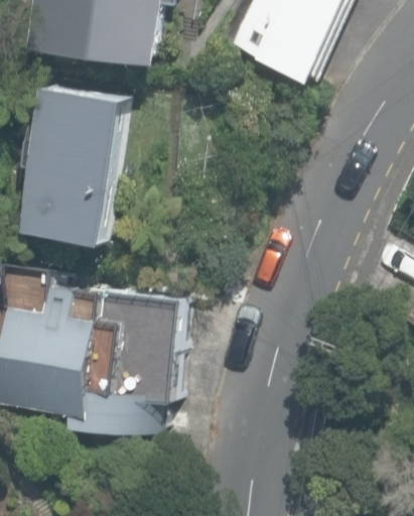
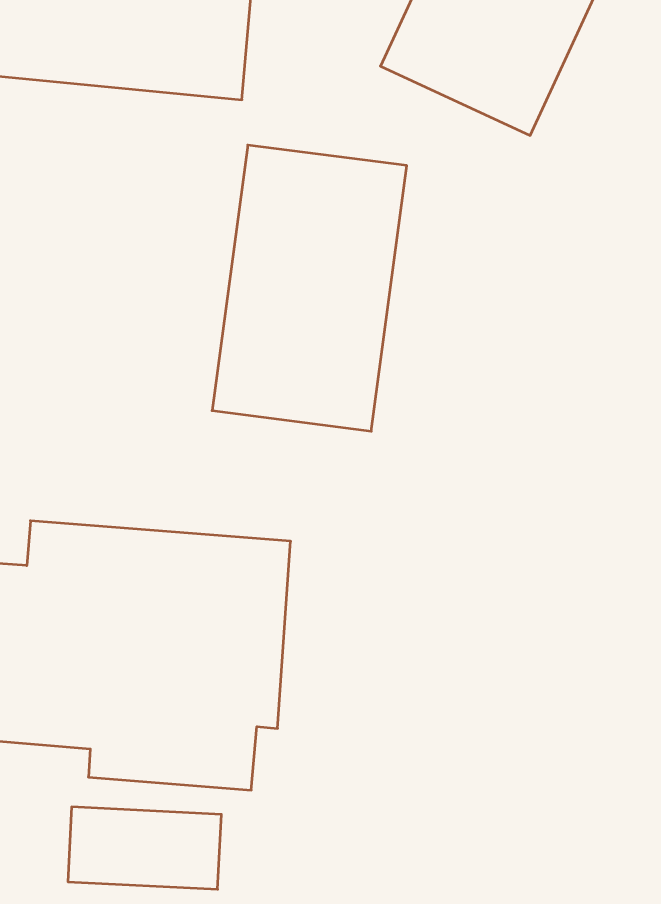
building: [34,82,139,236] -> [212,145,407,431]

